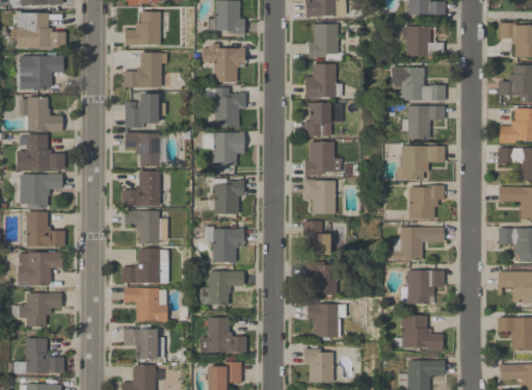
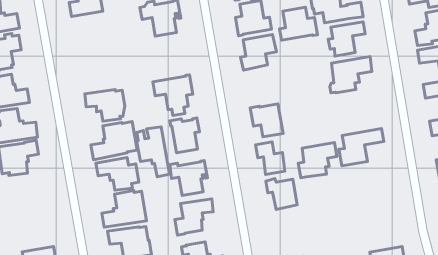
building: [124,52,167,87] -> none
building: none -> [280,7,318,40]
building: [206,87,246,127] -> none
building: [126,94,166,128] -> none
building: [304,141,335,177] -> none
building: none -> [137,127,169,177]
building: [409,185,445,219] -> none
building: [27,212,65,246] -> none
building: [19,252,63,286] -> none
building: [401,270,445,304] -> [298,143,337,178]
building: [308,304,347,337] -> none
building: [394,315,444,350] -> none

